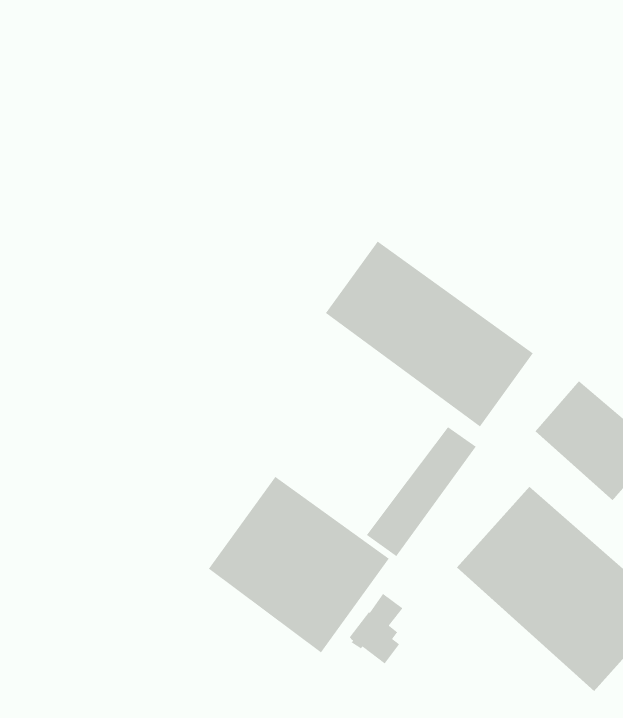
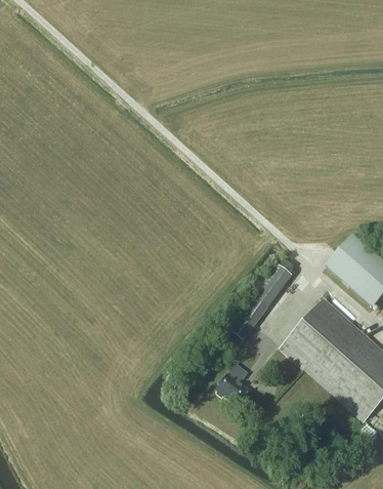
building: [325,241,534,427] -> none
building: [208,476,390,653] -> none

